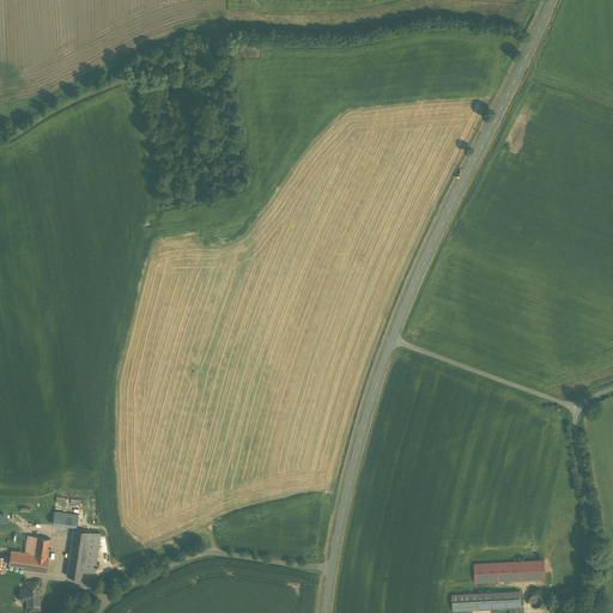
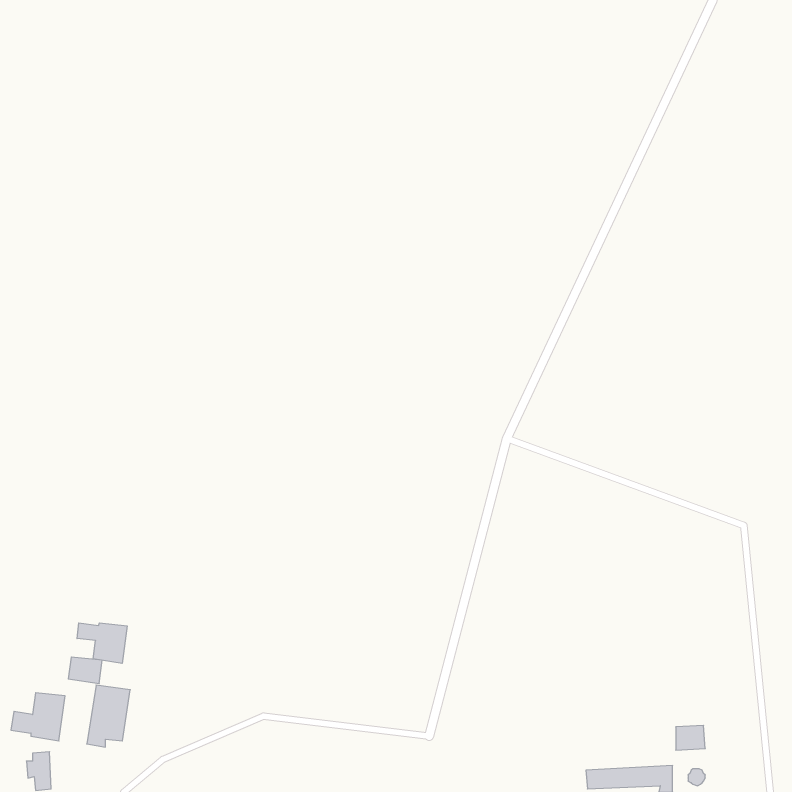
building: none -> [77,623,127,663]
building: [474,562,522,582] -> none

